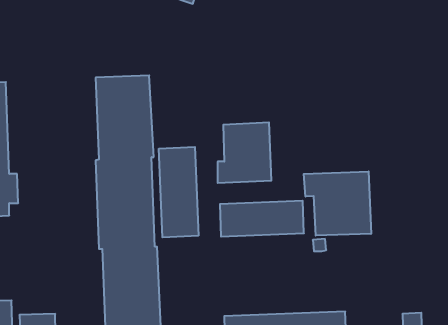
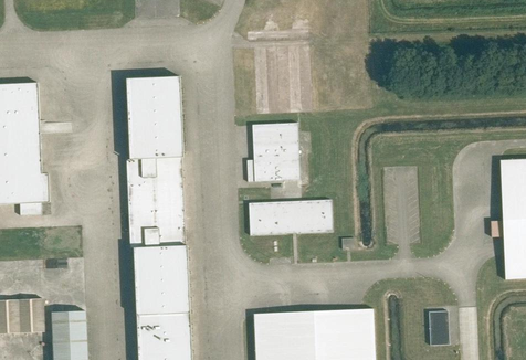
building: [159,147,198,237] -> none
building: [304,171,371,236] -> none

